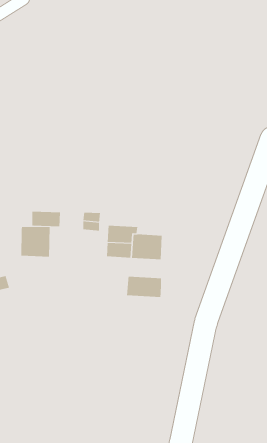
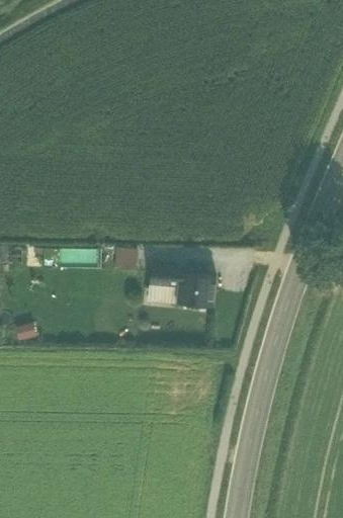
building: [21,226,50,258] -> none
building: [126,276,162,298] -> none

